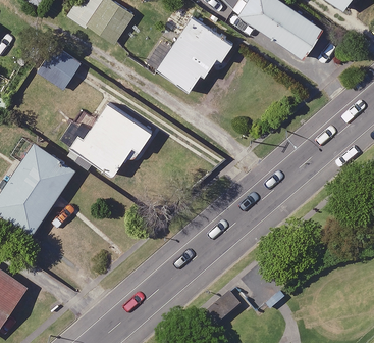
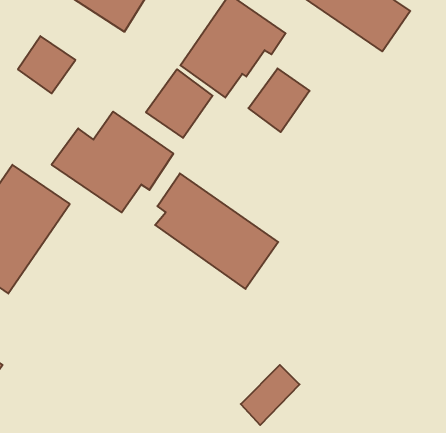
building: none -> [248,68,310,132]
building: none -> [146,69,213,138]
building: none -> [155,173,278,289]

